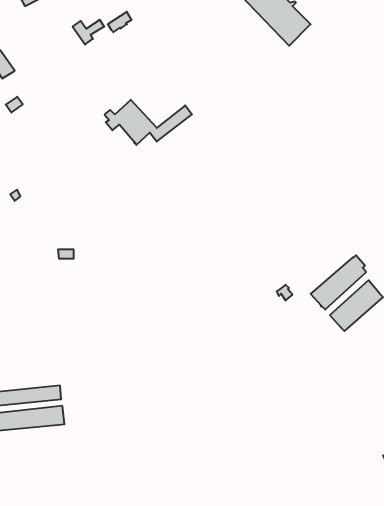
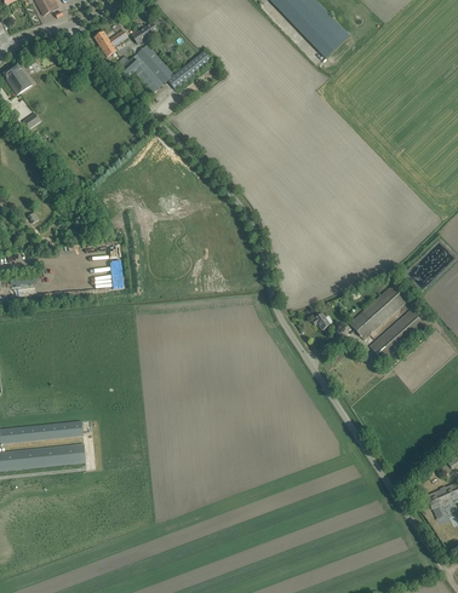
building: [105,100,192,145] -> [118,44,211,92]

